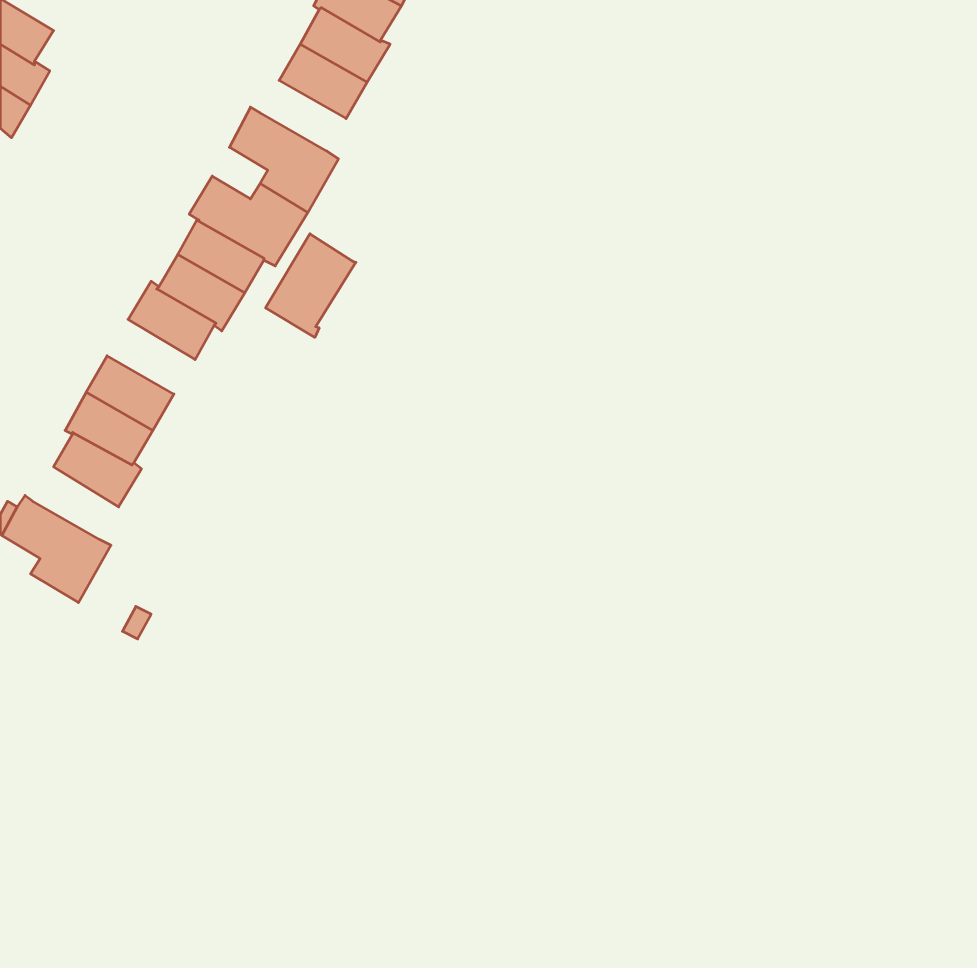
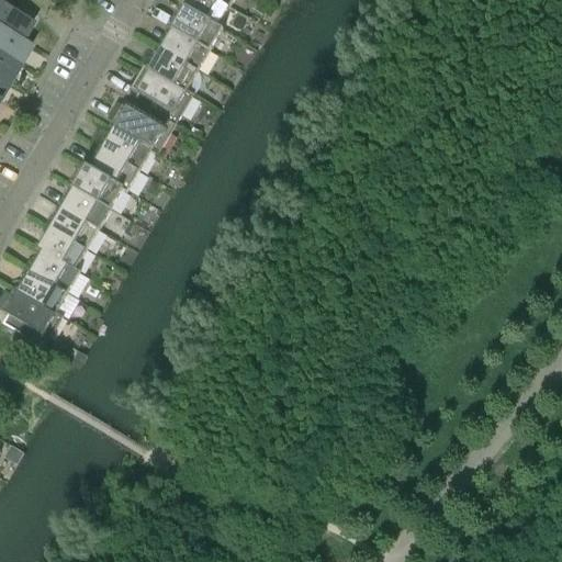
building: none -> [149,46,199,87]
building: [266,234,356,337] -> none
building: none -> [61,183,112,226]
building: none -> [19,268,68,310]

